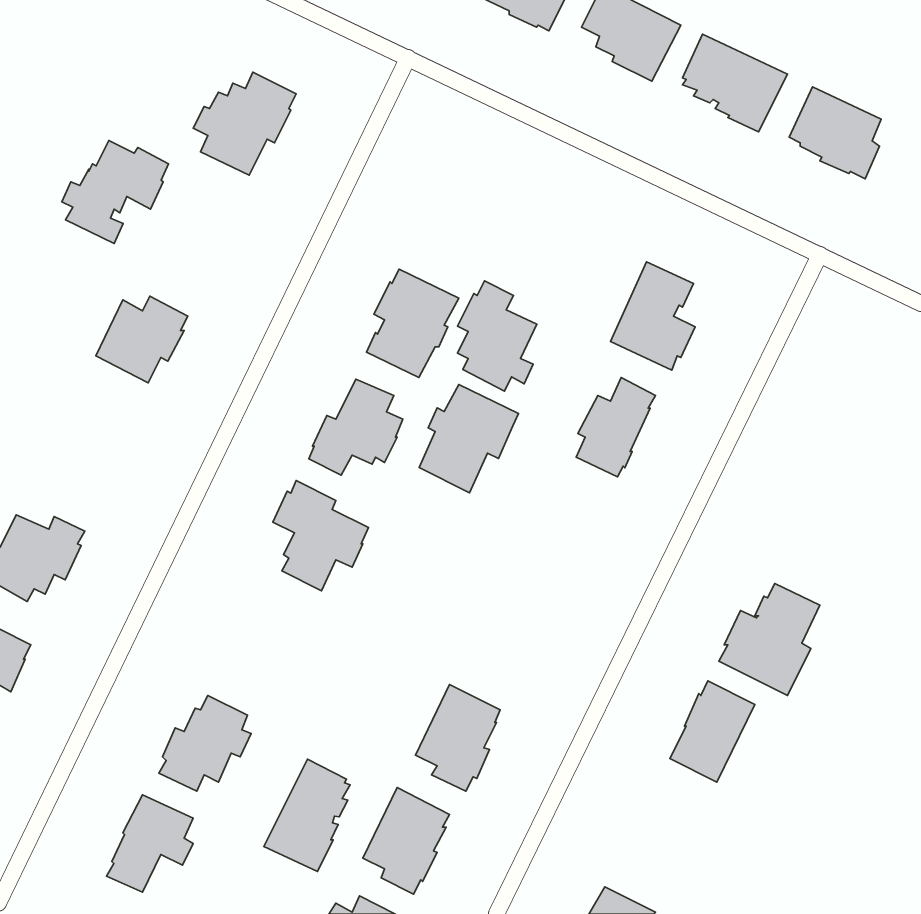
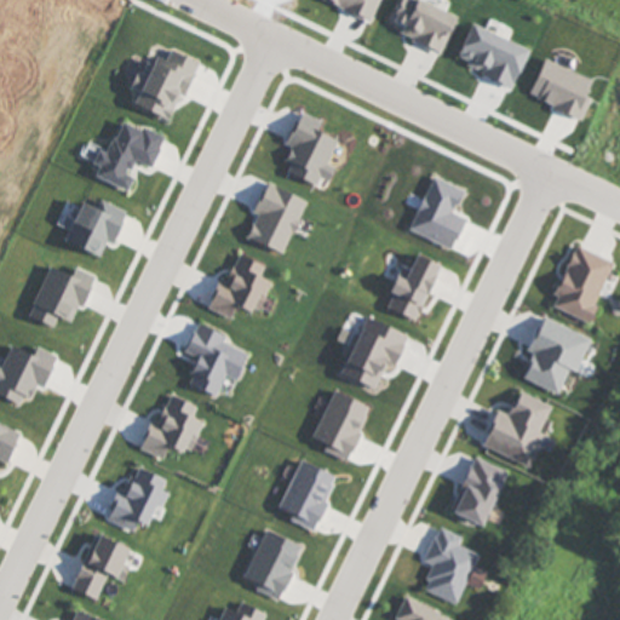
building: [62,140,168,243] -> [92,121,163,190]
building: [457,281,537,391] -> [283,111,337,185]
building: none -> [552,245,613,322]
building: [419,384,518,493] -> [340,316,407,389]
building: none -> [28,265,94,326]
building: none -> [522,316,591,394]
building: none -> [311,390,368,460]
building: none -> [139,395,202,458]
building: [264,759,350,872] -> none
building: none -> [423,527,486,604]

